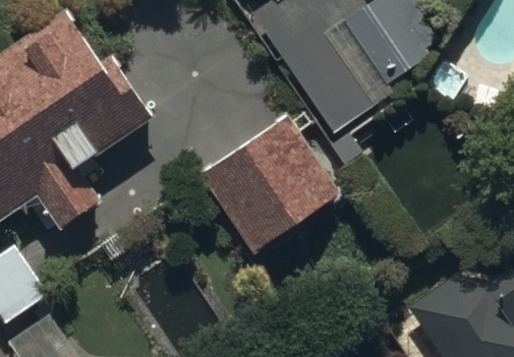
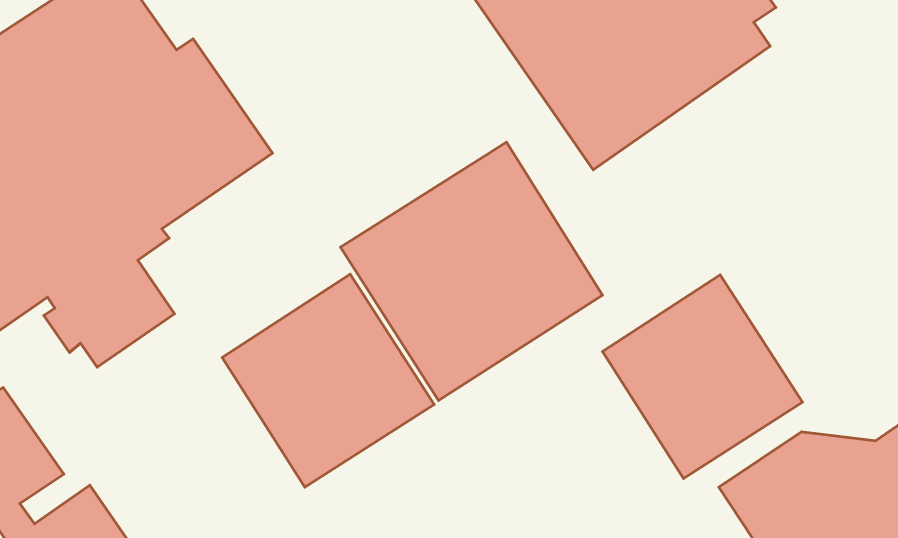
building: none -> [222,274,434,487]
building: none -> [603,275,802,478]

